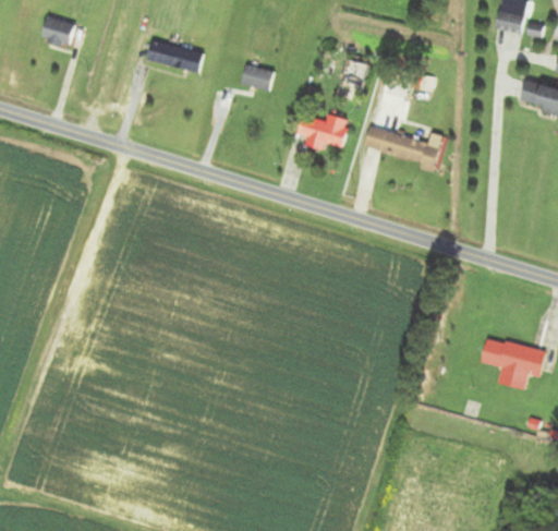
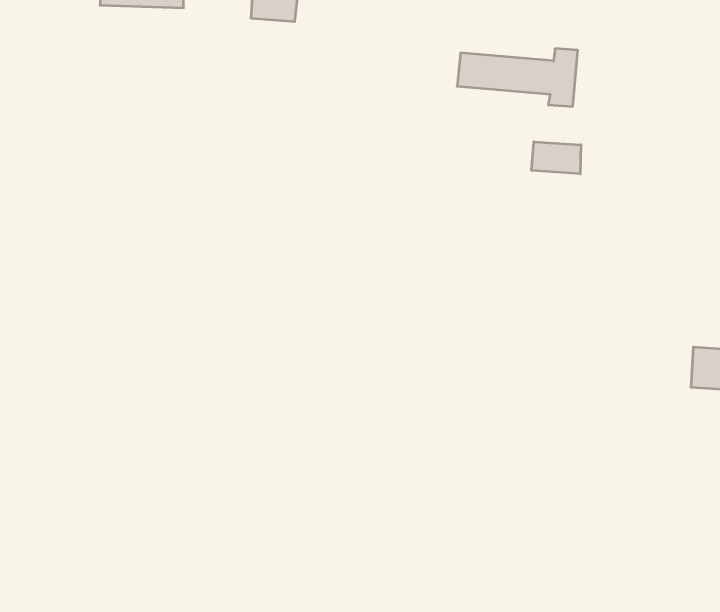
building: [298,114,349,149] -> none
building: none -> [532,142,581,174]

